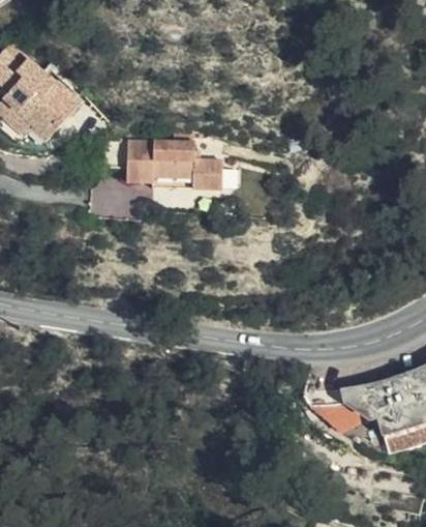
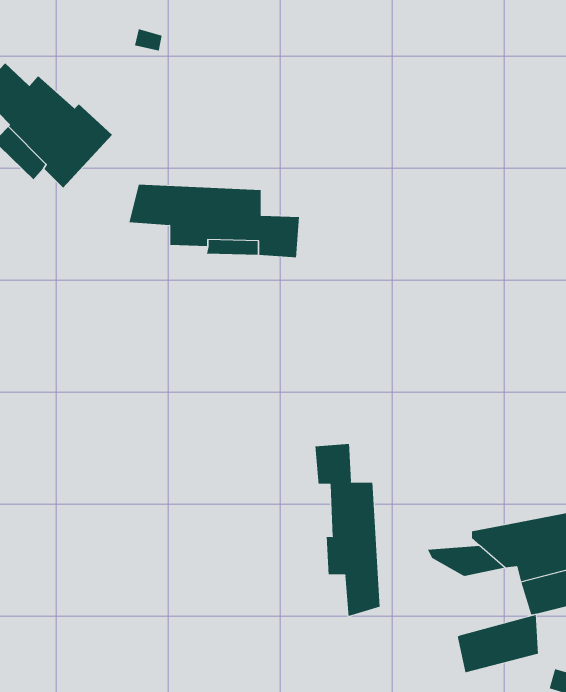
building: none -> [315,443,380,617]
building: none -> [457,614,539,673]

